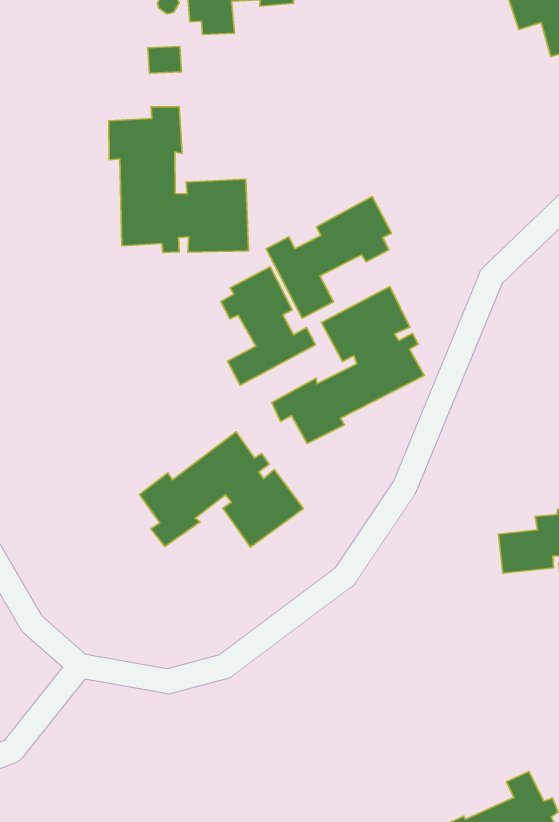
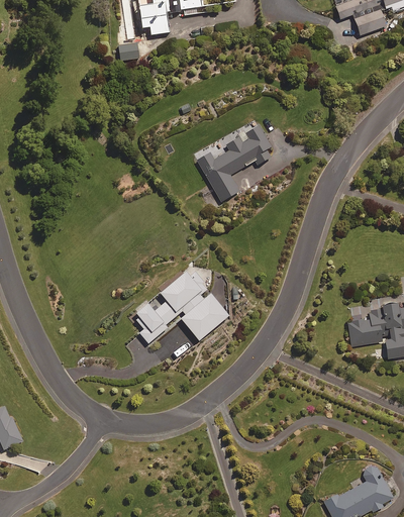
building: [109,107,249,253] -> none
building: [221,267,315,385] -> none
building: [272,287,424,444] -> none

